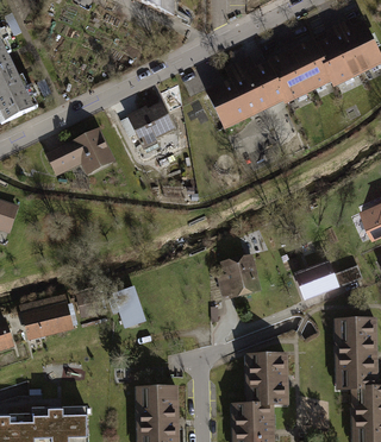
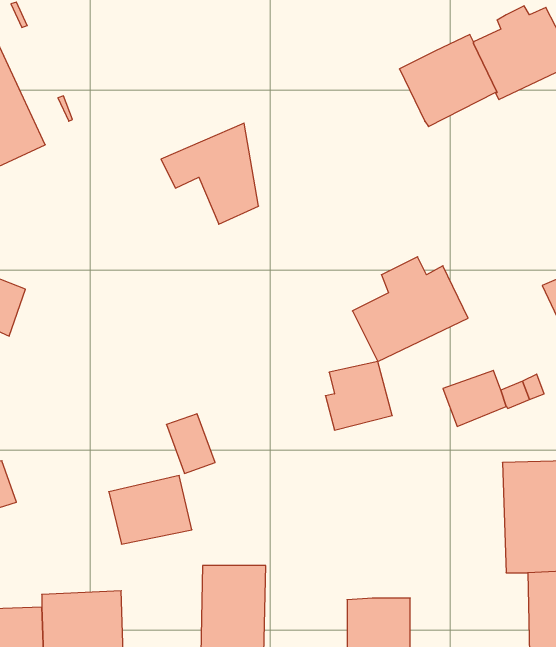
building: [207,55,283,124] -> [352,257,468,361]
building: [45,127,115,176] -> none
building: [20,293,75,339] -> [109,476,192,544]
building: [246,354,289,409] -> none

